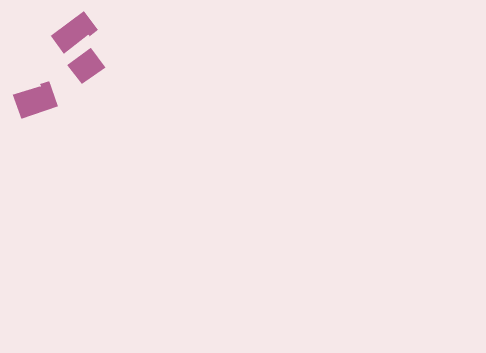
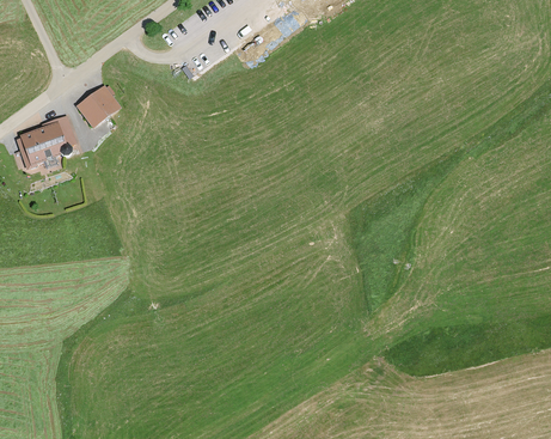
building: [50,10,99,55] -> none

